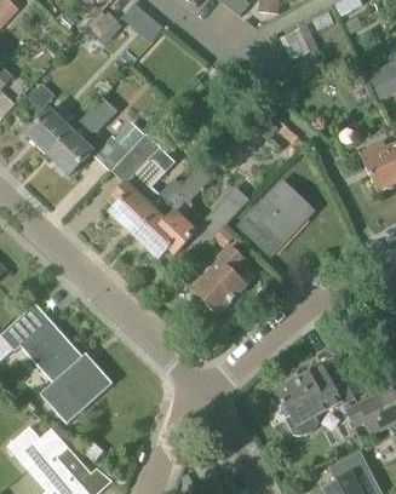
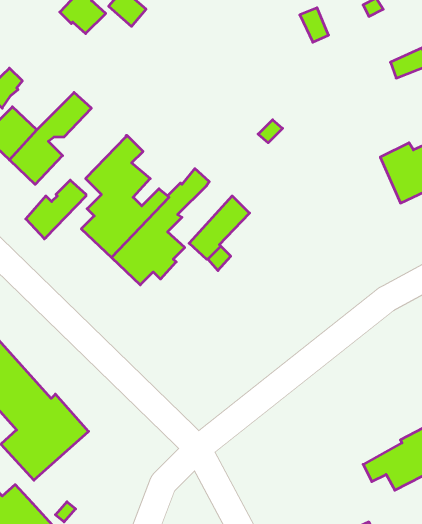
building: [94,121,145,171] -> [26,180,86,239]
building: [240,180,312,254] -> none
building: [191,245,249,314] -> none
building: [275,363,356,435] -> none

